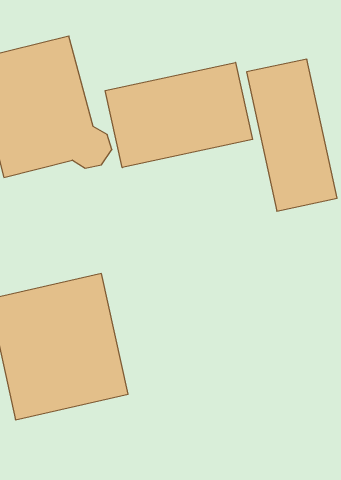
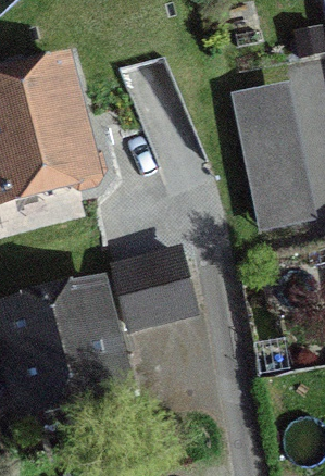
building: [105,62,253,168] -> none
building: none -> [113,247,196,326]

